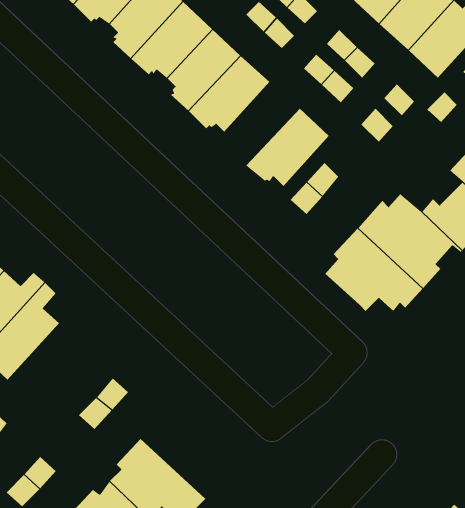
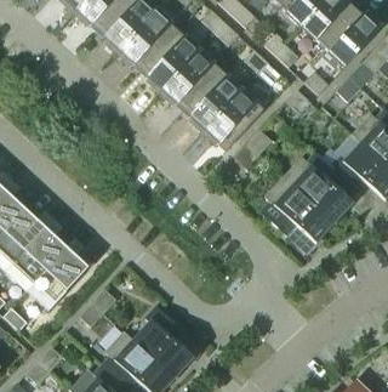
building: none -> [187,68,242,130]
building: none -> [27,235,89,309]
building: none -> [125,305,188,376]

